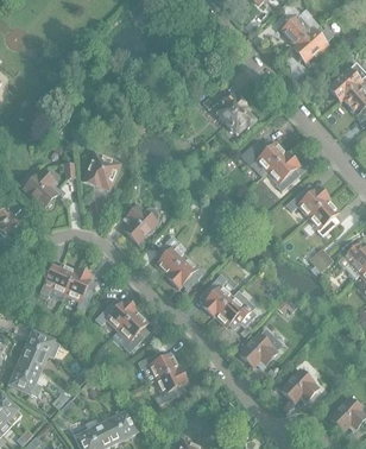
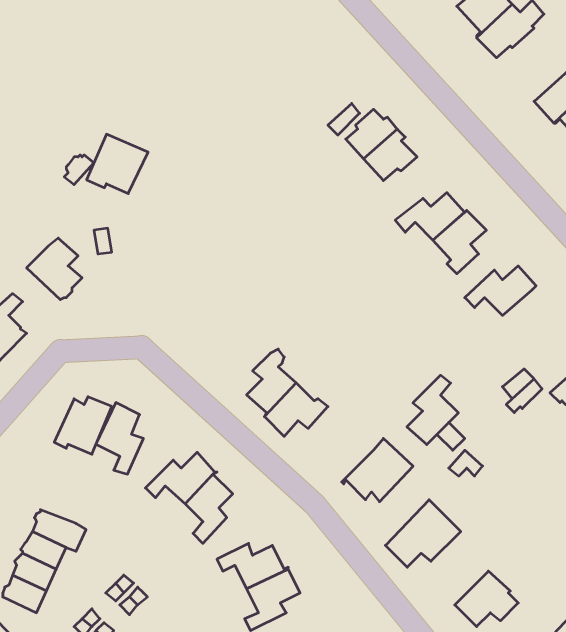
building: [83,152,120,188] -> [87,134,148,194]
building: [309,200,339,235] -> none
building: [124,204,157,241] -> none
building: [201,273,232,315] -> [407,375,458,445]

